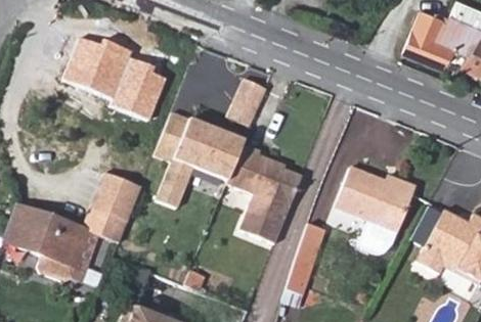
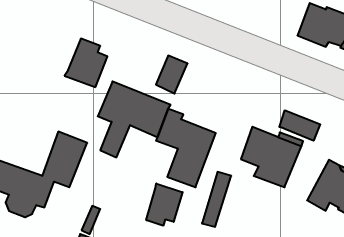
building: [64,37,134,97] -> none
building: none -> [279,110,320,141]
building: none -> [146,183,183,226]

